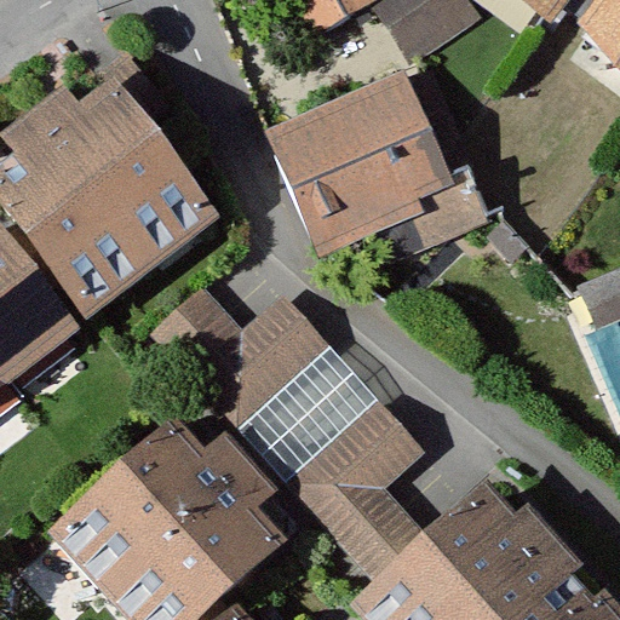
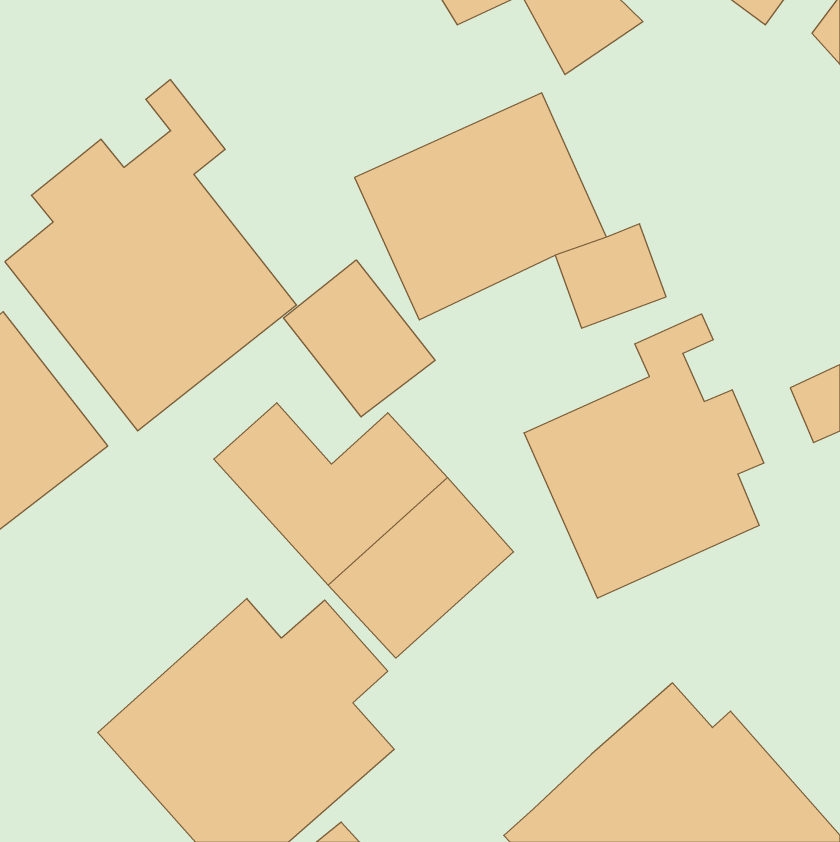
building: none -> [283,260,435,417]
building: none -> [524,314,764,598]
building: [289,403,432,591] -> none

